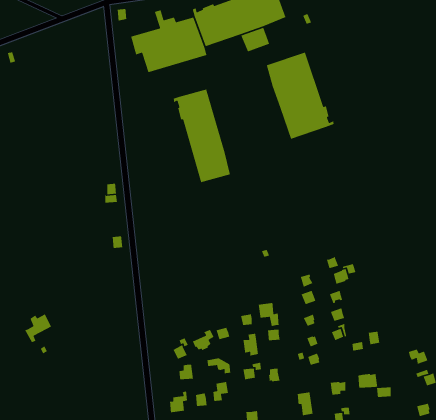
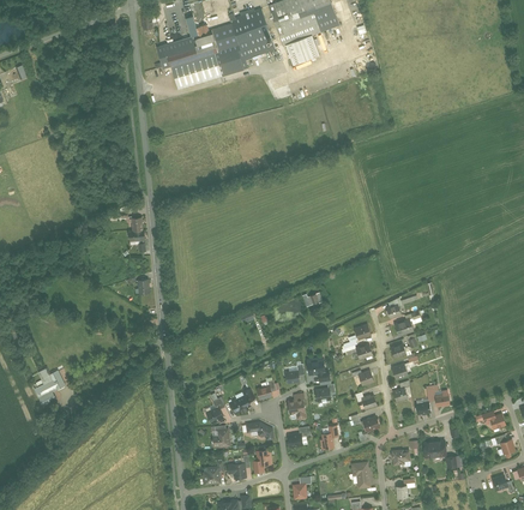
building: [266,51,335,140] -> none
building: [173,88,231,183] -> none

